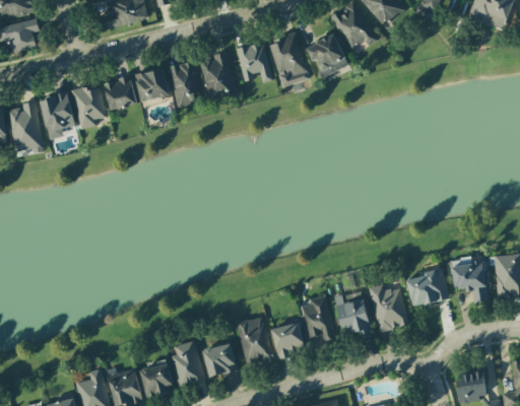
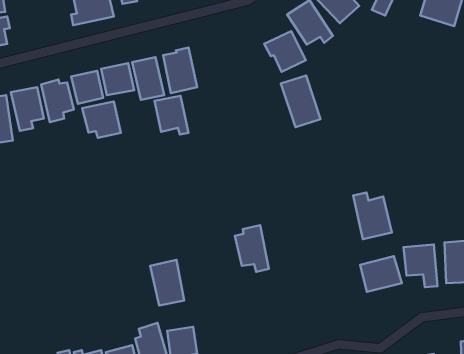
building: [267,32,309,86] -> [281,76,321,127]
building: [236,42,271,82] -> [154,96,188,135]
building: none -> [82,101,121,138]
building: [368,282,408,331] -> [353,193,392,239]
building: [300,294,335,343] -> [235,225,269,272]
building: [334,294,370,335] -> none
building: [236,316,271,363] -> [150,260,184,305]
building: [270,322,305,356] -> none

